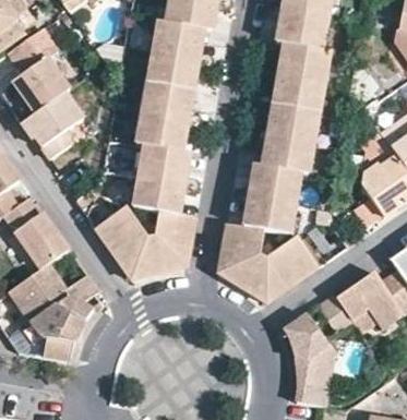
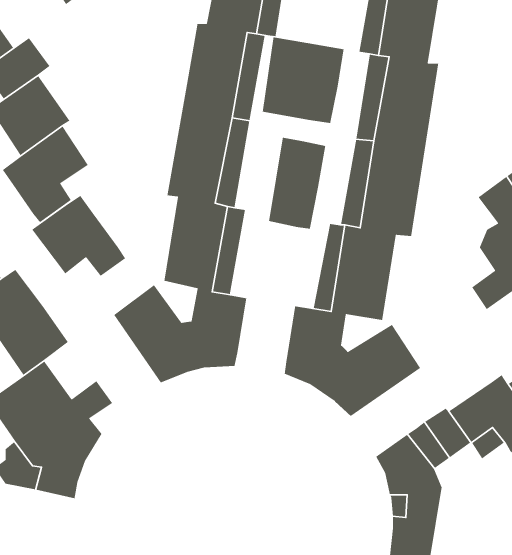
building: none -> [262,37,345,124]
building: none -> [268,137,326,230]
building: none -> [31,195,126,277]

